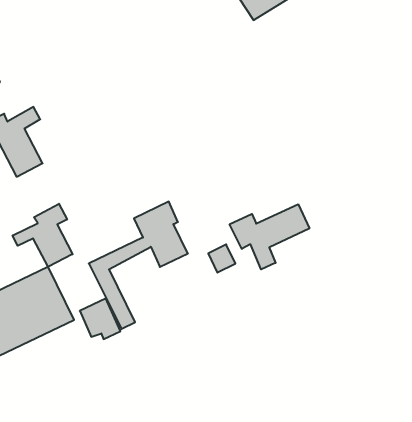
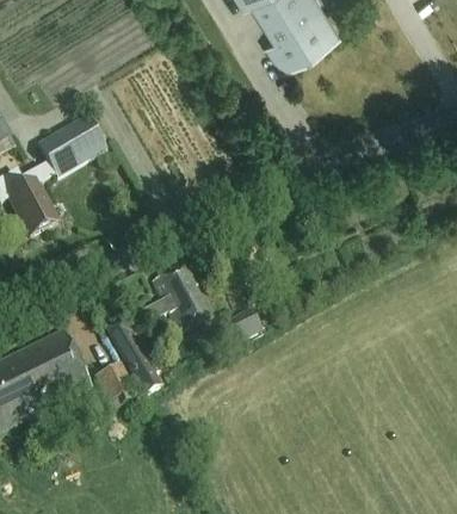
building: none -> [38,114,107,177]
building: [13,204,73,267] -> none
building: [230,204,309,269] -> none

